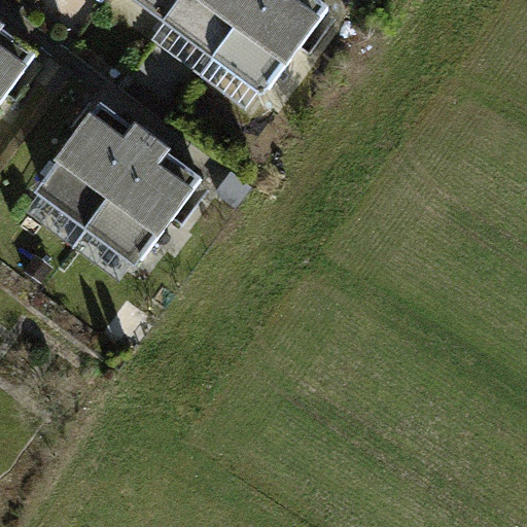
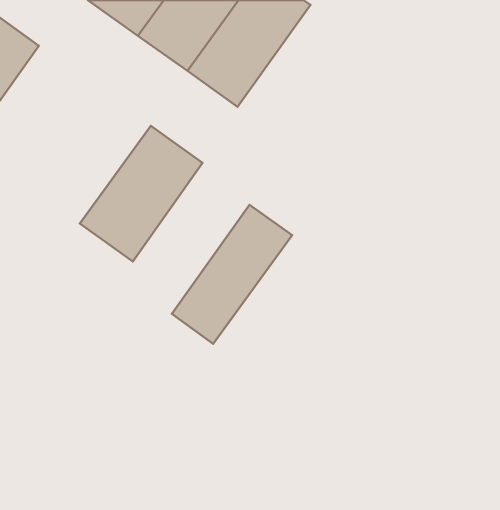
building: [29,92,155,231] -> none
building: none -> [172,205,292,344]

